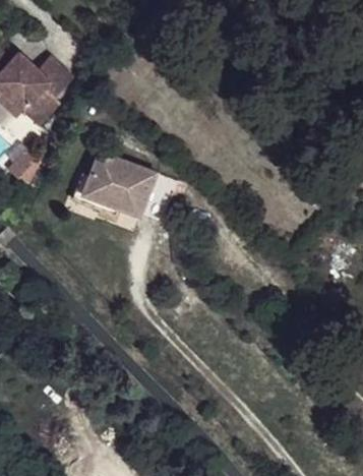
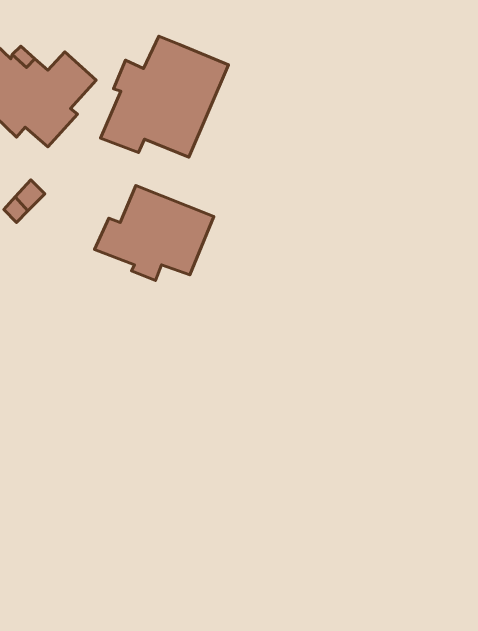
building: none -> [100,36,228,157]

